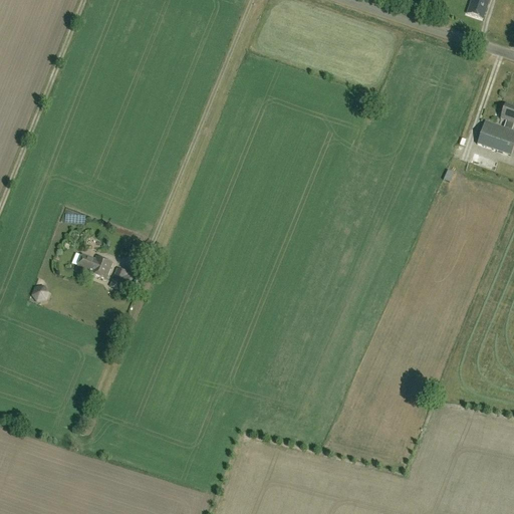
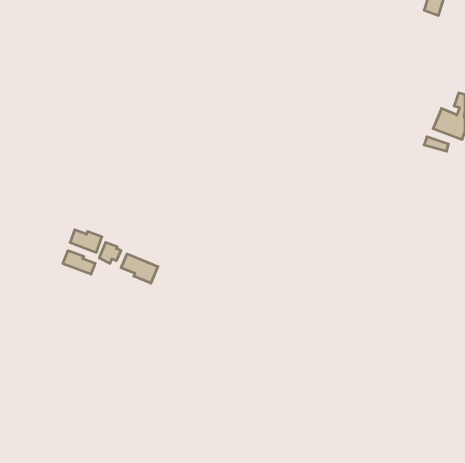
building: none -> [63,251,95,274]
building: none -> [121,254,158,283]

